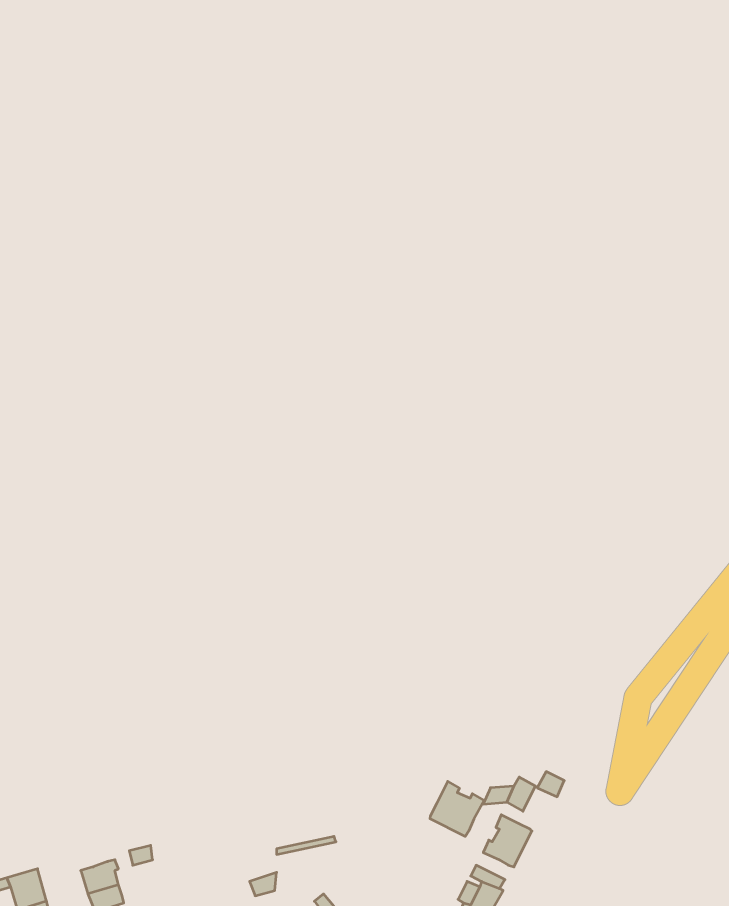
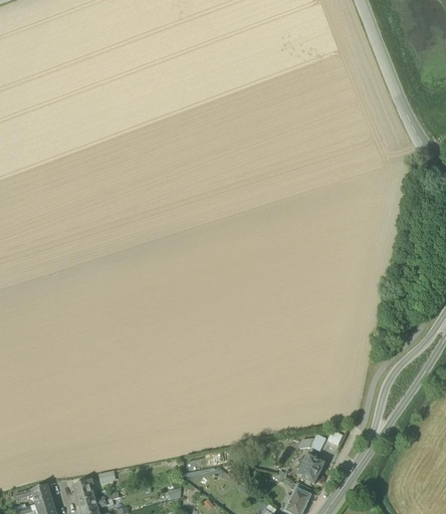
building: [430,781,484,836] -> none

